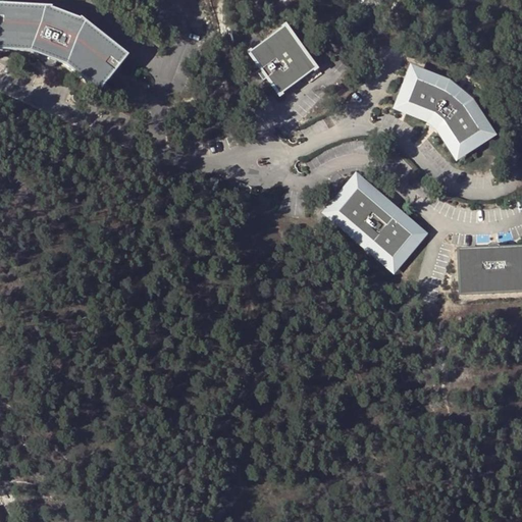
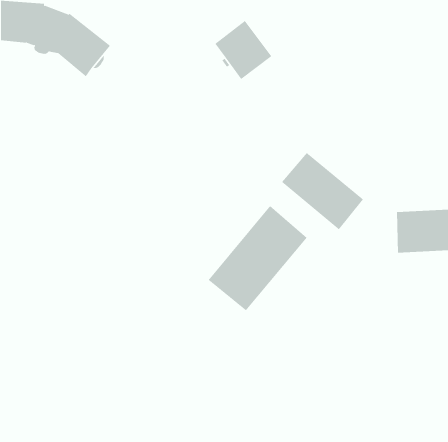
building: [401,68,493,154] -> none
building: none -> [208,205,307,311]

